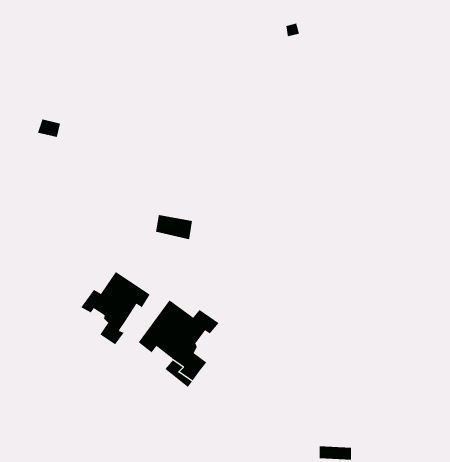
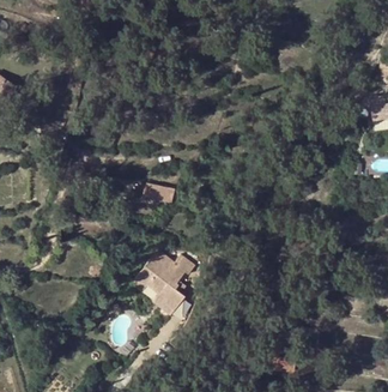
building: [81,271,151,345] -> none

